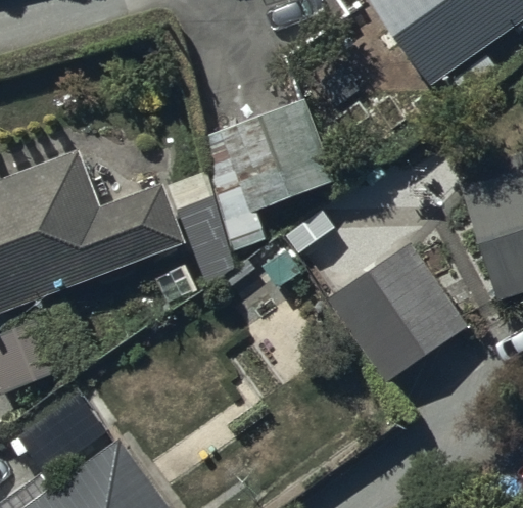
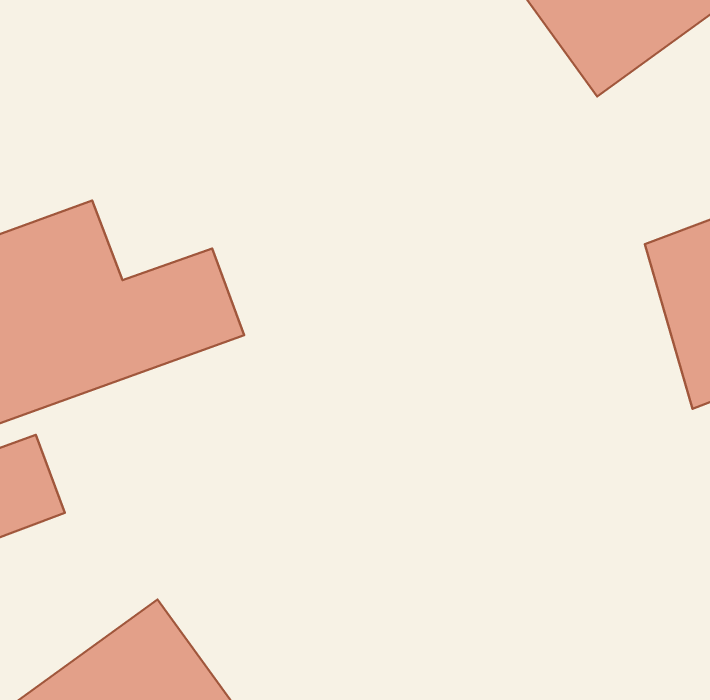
building: [203,96,334,215] -> none
building: [330,246,466,384] -> none

